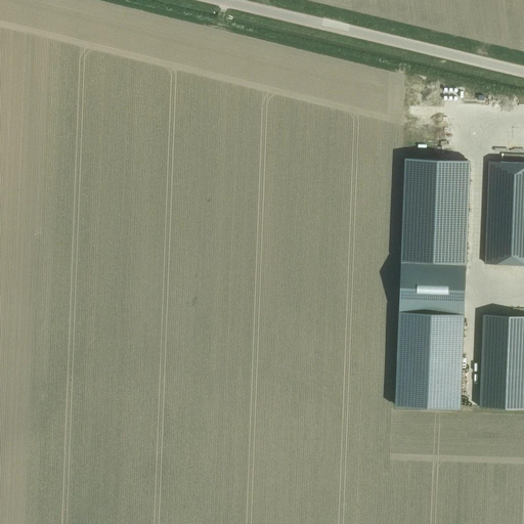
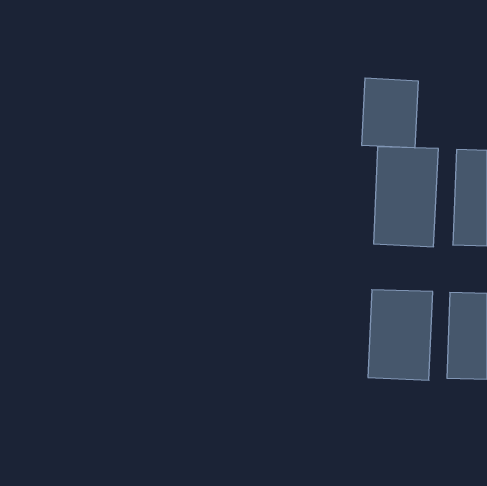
building: none -> [362,78,418,148]
building: [399,263,466,314] -> none

